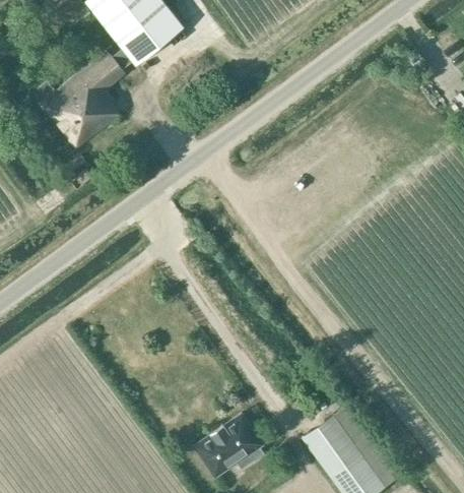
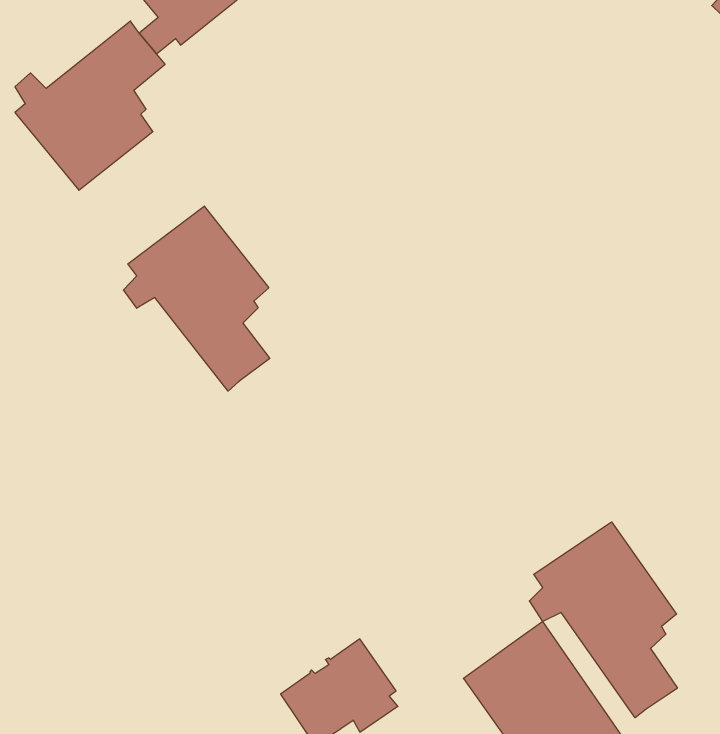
building: none -> [124,206,270,391]
building: none -> [529,522,677,718]

